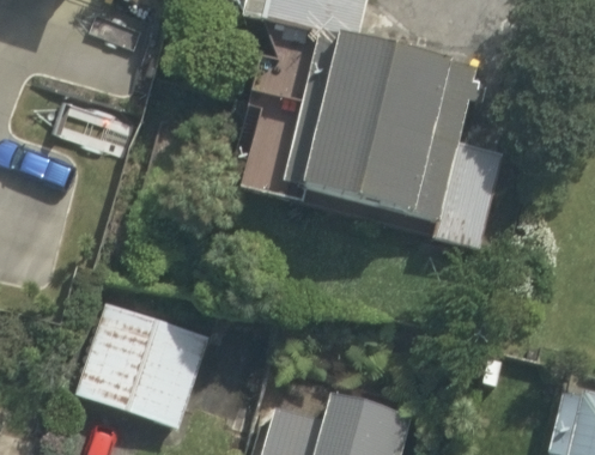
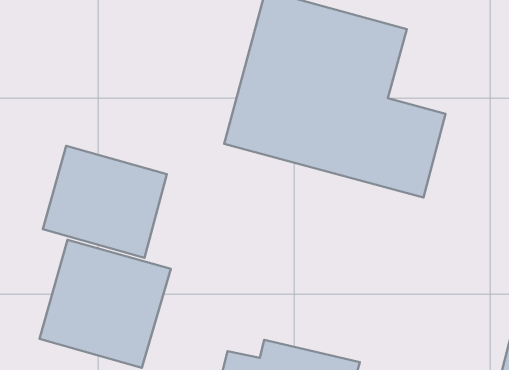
building: none -> [43,146,167,258]

